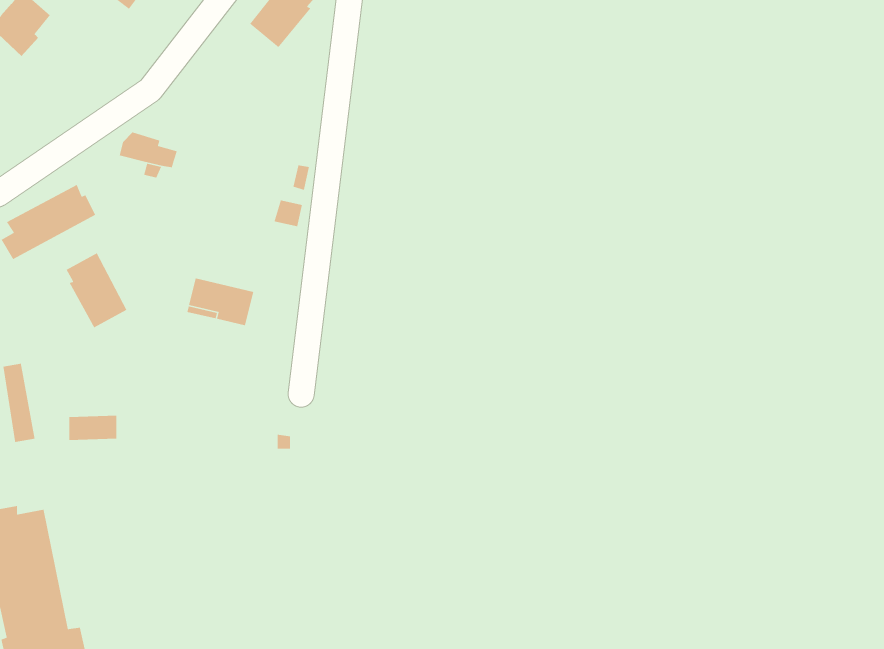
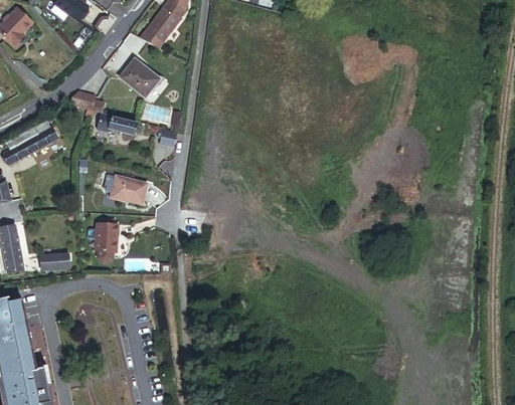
building: none -> [118,59,157,96]
building: none -> [96,114,135,135]
building: [65,252,128,329] -> none
building: none -> [94,223,117,261]

